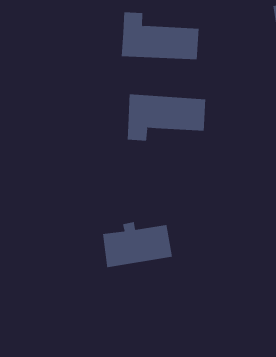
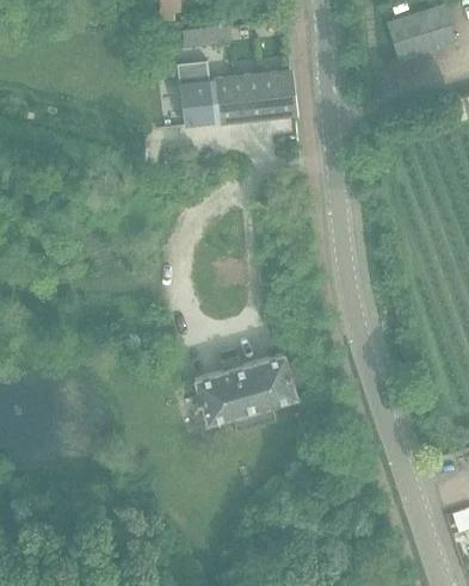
building: [127,94,206,141] -> none

